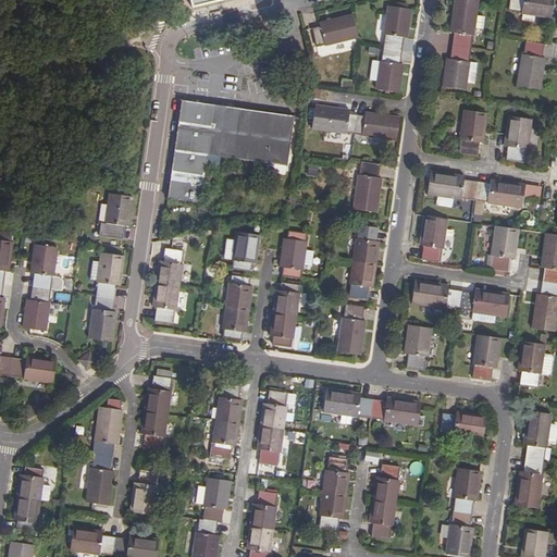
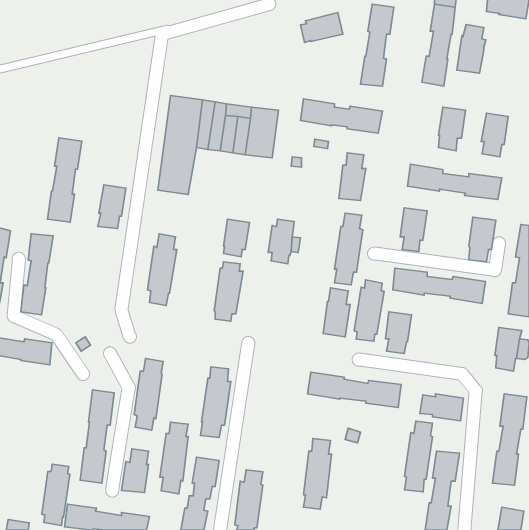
building: [517,44,547,95] -> [457,24,486,73]
building: [87,252,123,341] -> [47,138,82,222]
building: [271,280,302,344] -> [354,280,384,341]
building: [472,336,500,382] -> none
building: [257,391,286,466] -> [160,422,188,494]
building: [369,467,398,541] -> [404,421,433,492]
building: [12,468,41,532] -> [42,464,70,526]

